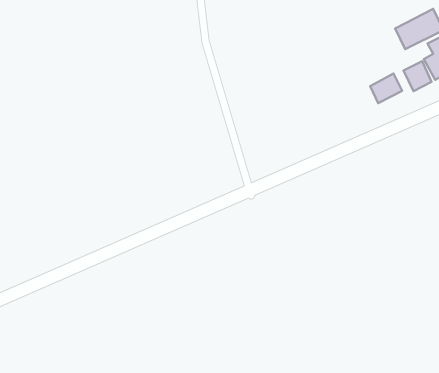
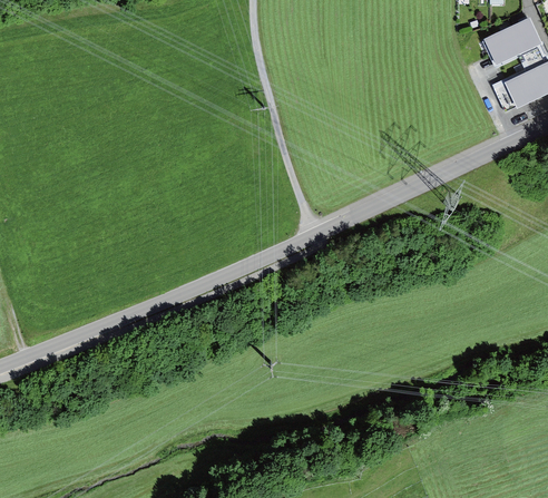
building: [370,74,402,103] -> none

